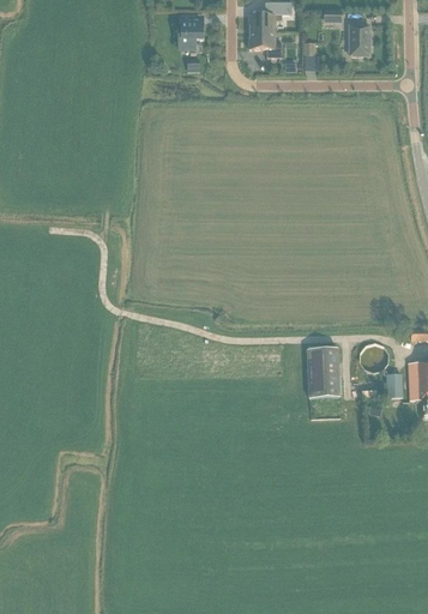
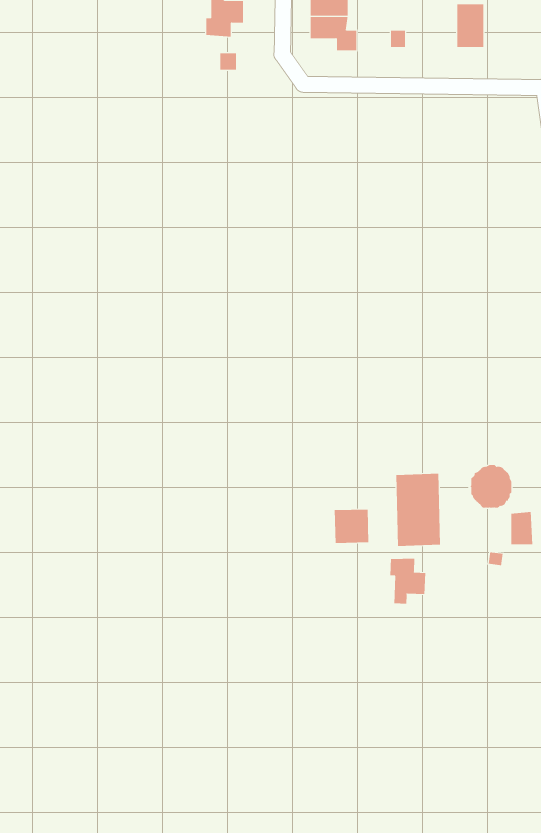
building: none -> [334,509,369,544]
building: none -> [390,558,426,605]

